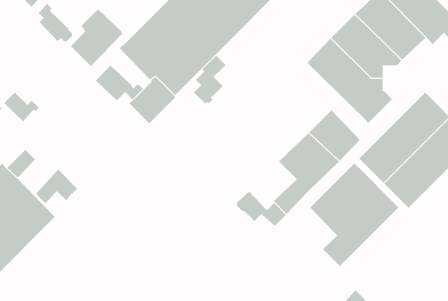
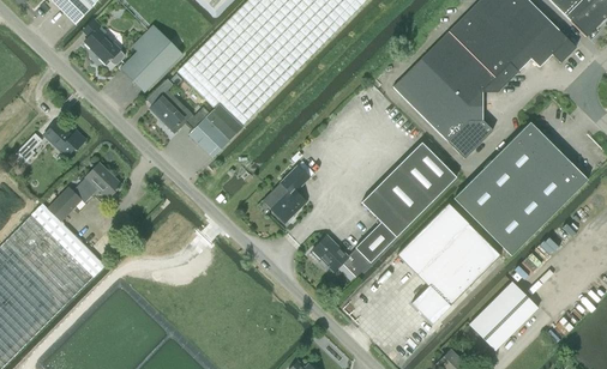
building: [193,55,227,105] -> [270,165,308,223]
building: [35,169,78,204] -> [72,162,121,202]
building: none -> [468,282,536,350]

